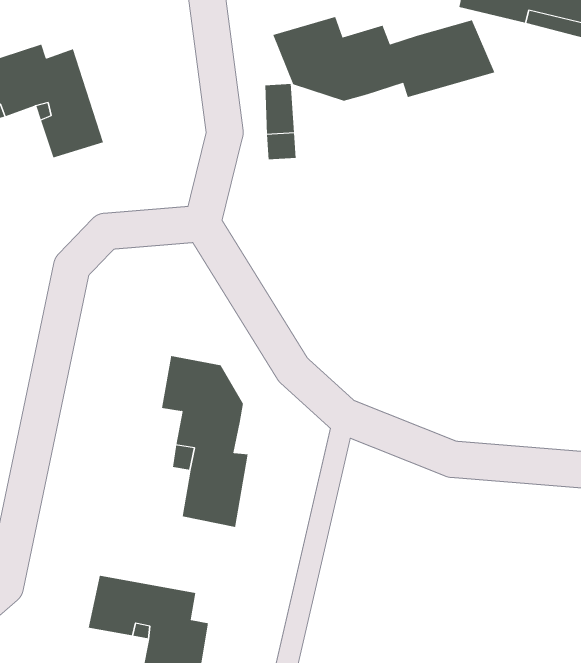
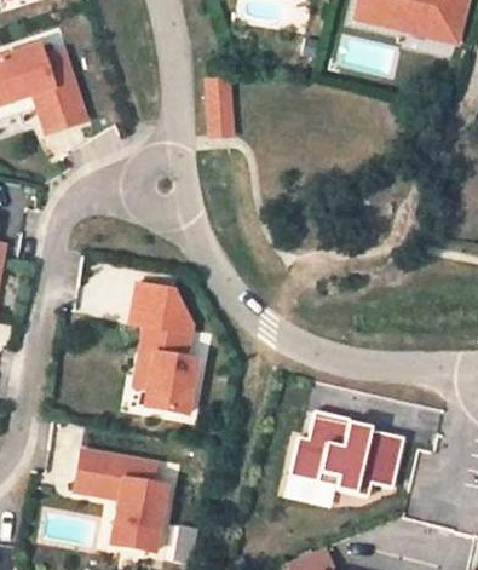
building: [272,16,495,101] -> none
building: none -> [289,419,404,499]

